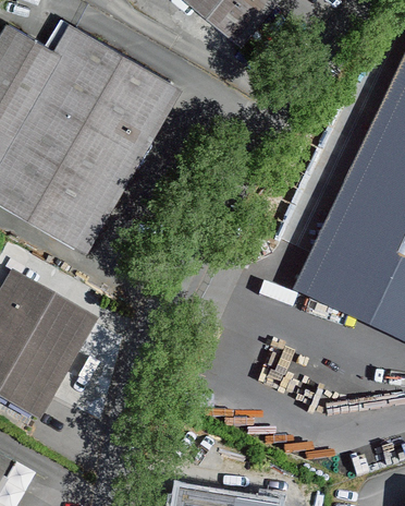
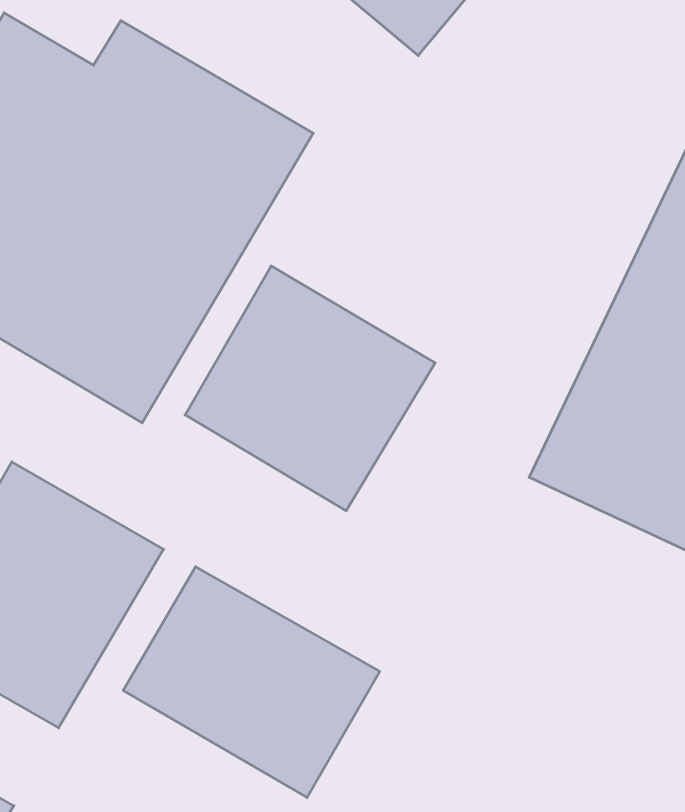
building: none -> [185,266,435,511]
building: none -> [123,567,380,798]

